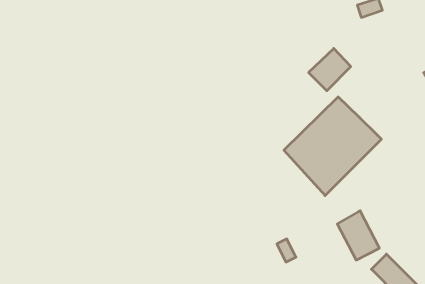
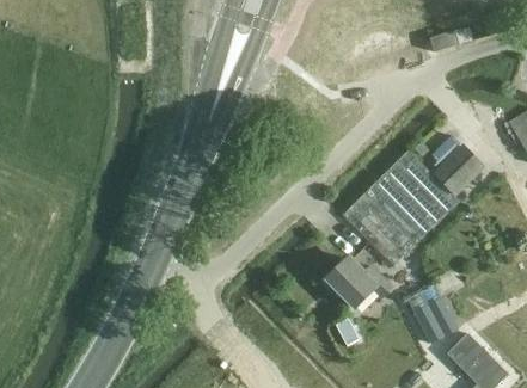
building: [309,48,351,91] -> [433,143,483,193]
building: none -> [326,257,392,306]

